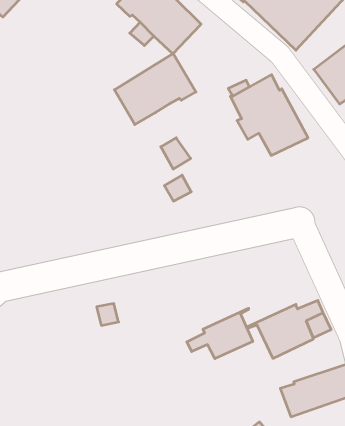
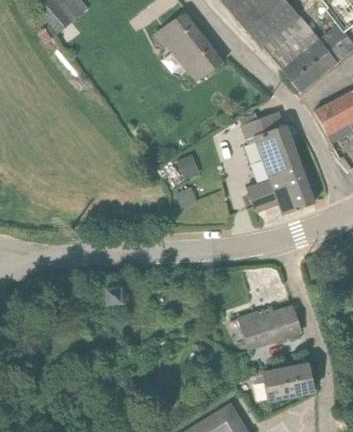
building: [114,54,196,125] -> none
building: none -> [247,168,314,214]
building: [187,308,253,359] -> none

